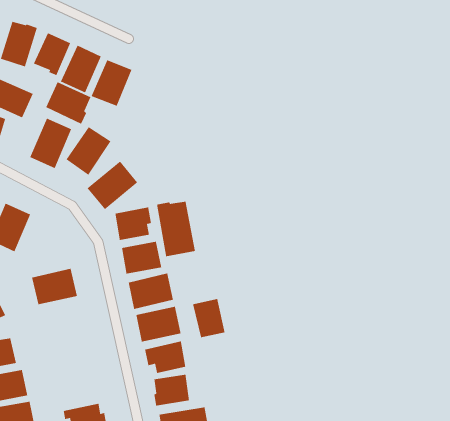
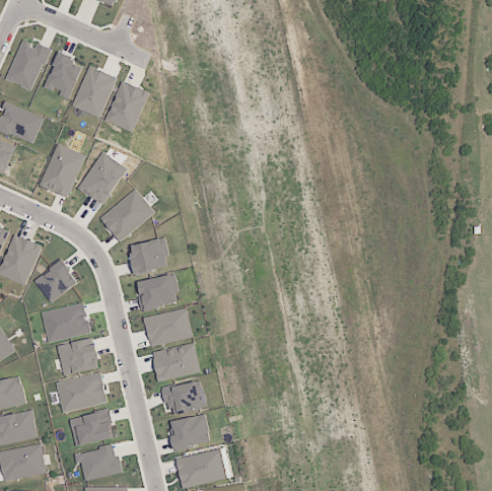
building: [45,81,92,125] -> none
building: [156,201,196,257] -> none
building: none -> [33,260,77,302]
building: [192,298,225,338] -> none
building: none -> [56,338,97,375]
building: none -> [56,373,107,412]
building: none -> [69,410,113,446]

